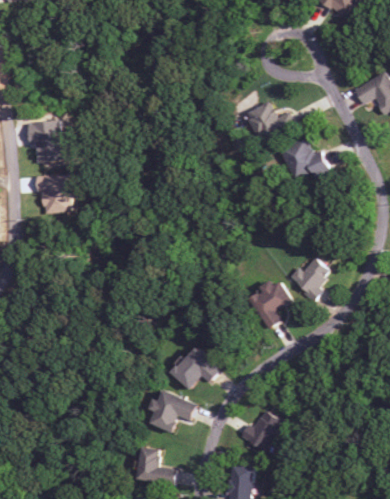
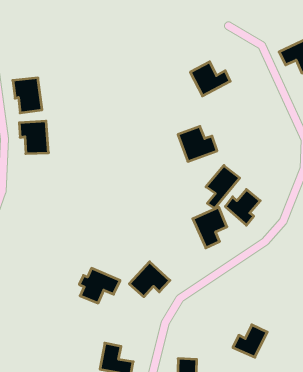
building: [280,138,328,181] -> [178,126,217,161]
building: none -> [206,165,240,208]
building: [146,389,196,432] -> [79,268,120,303]
building: [240,410,282,450] -> [233,325,267,357]

